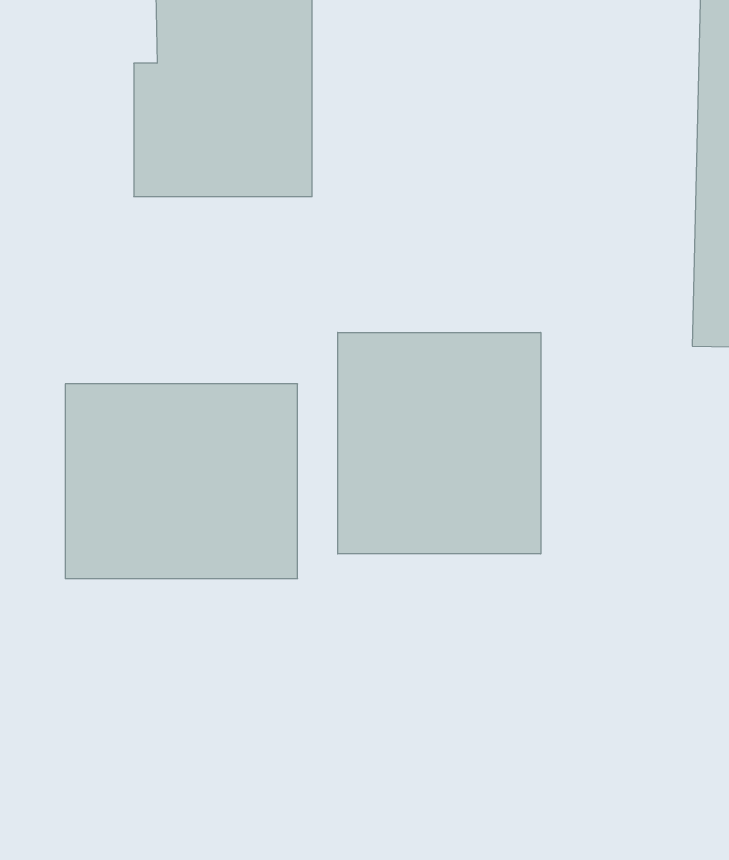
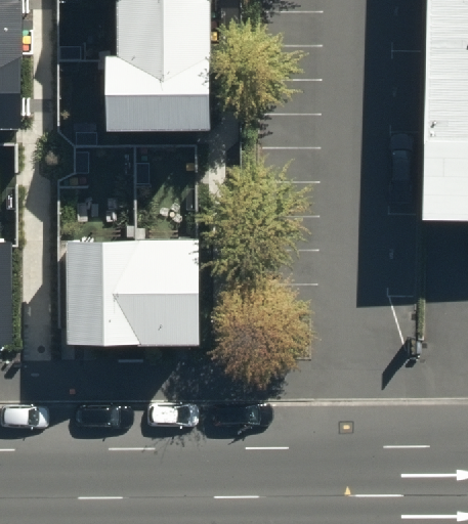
building: [338,332,541,554] -> none

